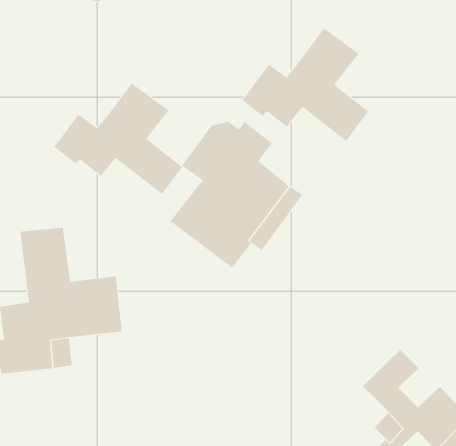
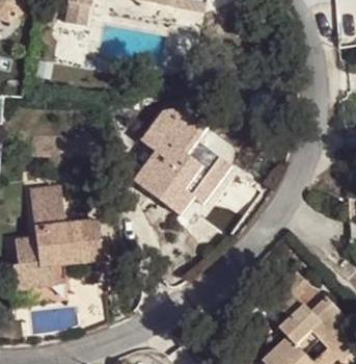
building: [242,28,369,142] -> none
building: [53,83,183,195] -> none

